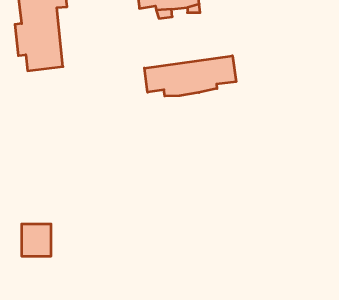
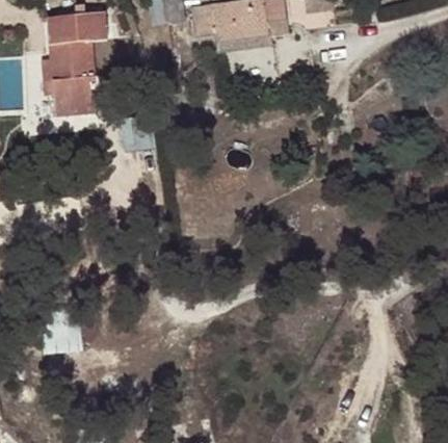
building: [144,56,236,96] -> none

